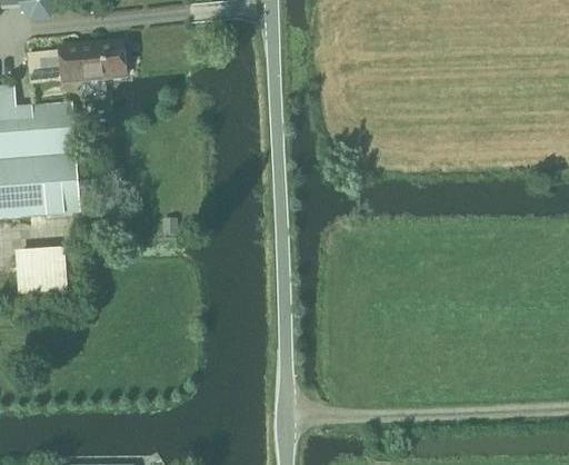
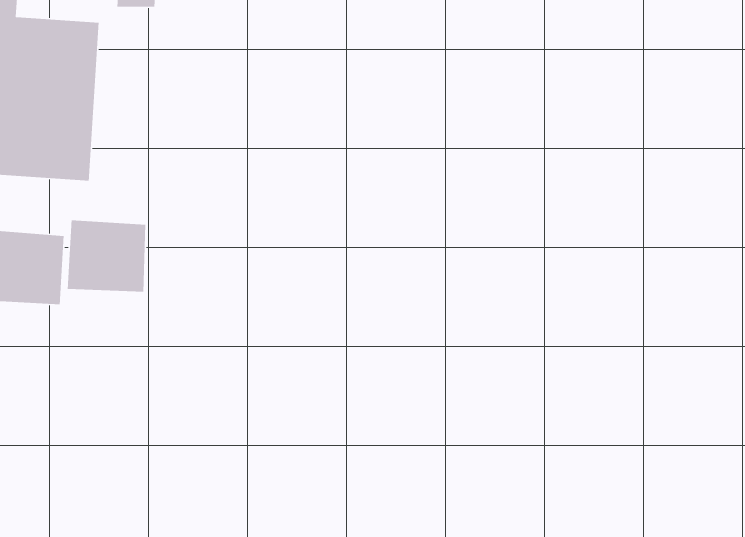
building: none -> [67,220,146,292]

